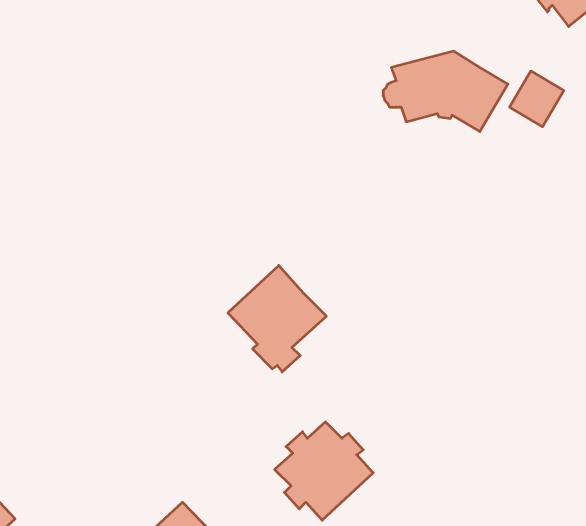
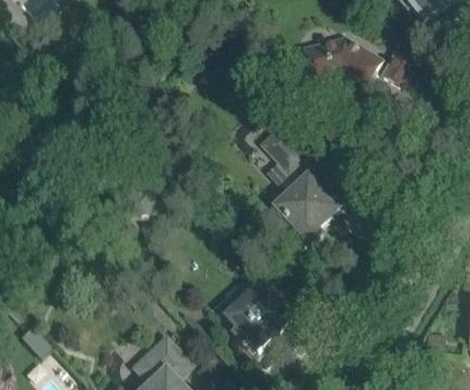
building: none -> [259,125,308,174]
building: [228,265,326,372] -> [274,174,340,245]

